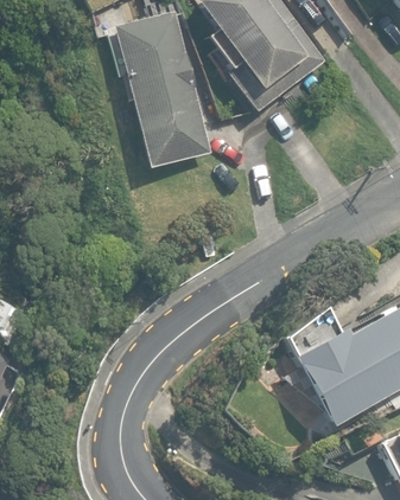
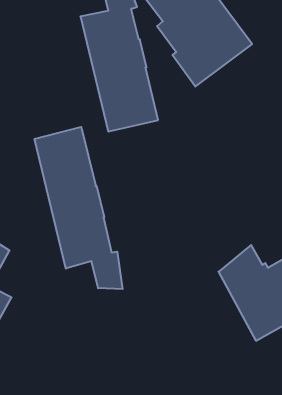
building: none -> [35,127,123,289]

